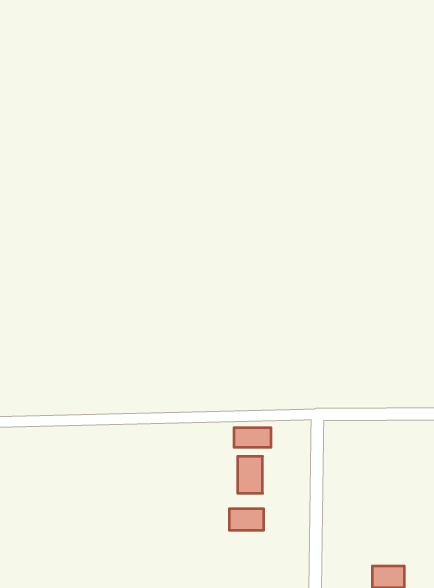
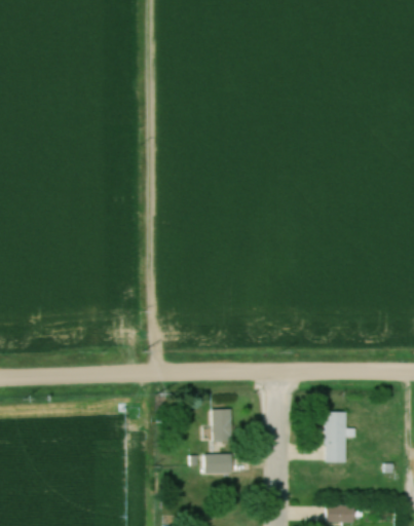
building: [234,428,271,447] -> none
building: none -> [326,412,346,463]

